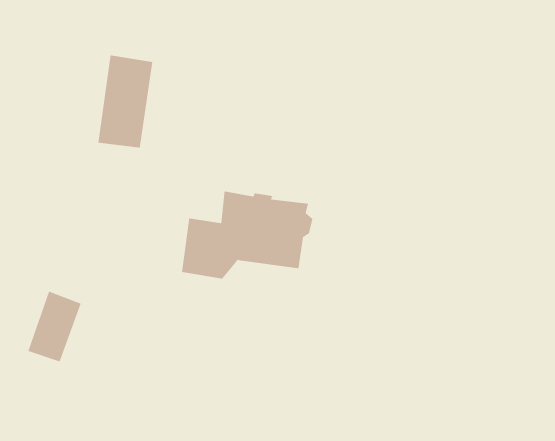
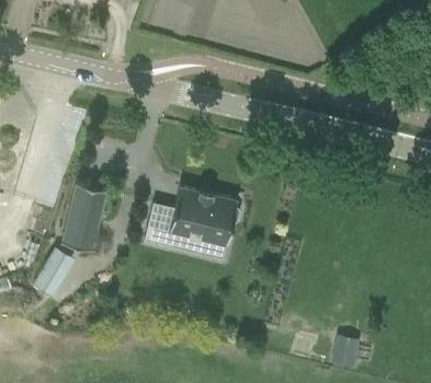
building: [98,55,153,148] -> [61,185,105,252]
building: none -> [330,336,359,370]

